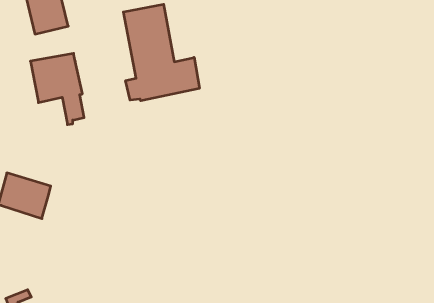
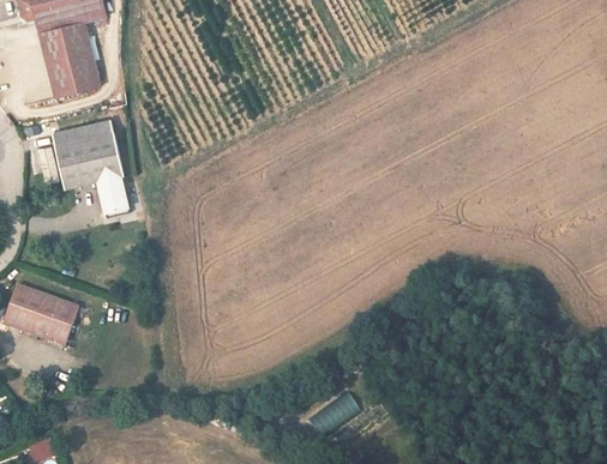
building: [123,4,199,101] -> none
building: none -> [306,396,357,440]

